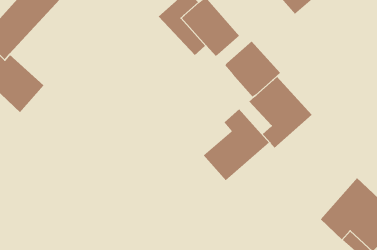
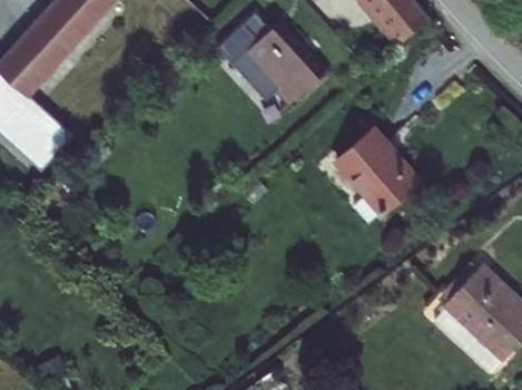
building: [224,40,281,98] -> none
building: [203,108,270,181] -> none

